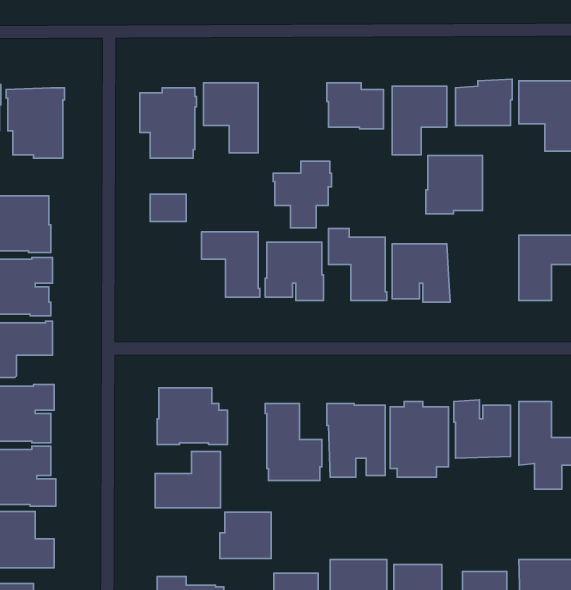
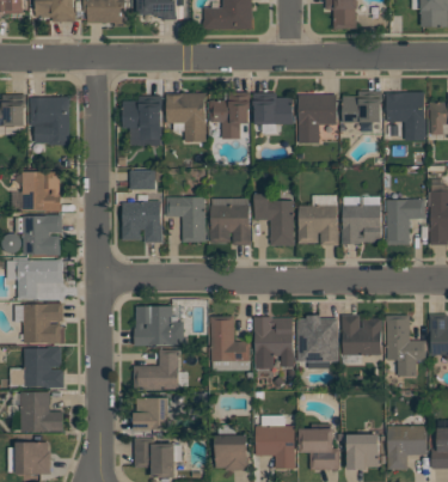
building: [426,155,483,214] -> [342,205,381,245]
building: [273,161,332,228] -> [210,92,251,139]
building: none -> [122,201,162,243]
building: [220,512,271,558] -> [134,398,170,431]

